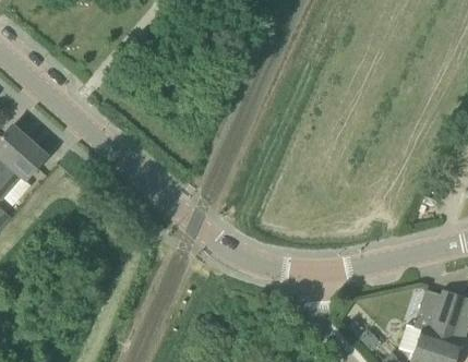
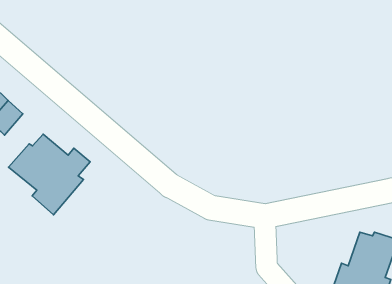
building: none -> [8,134,90,215]

